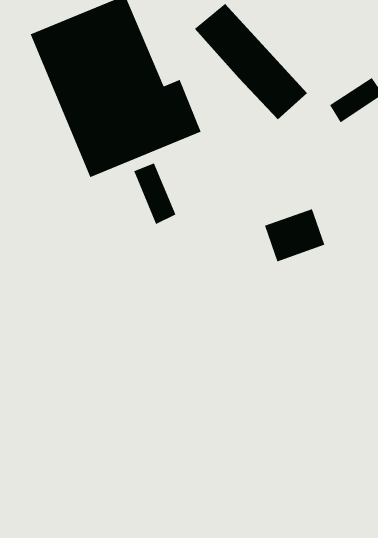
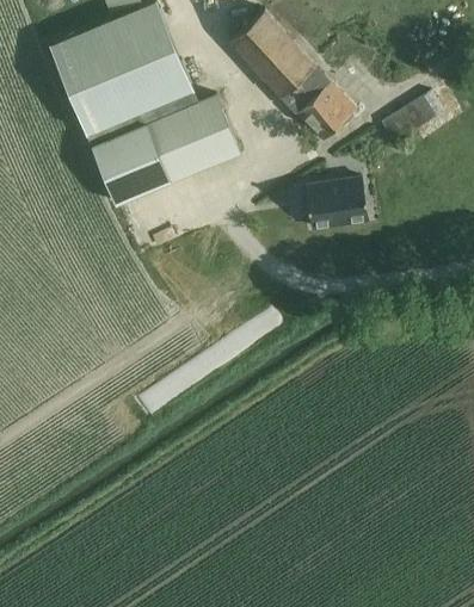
building: [133,163,176,225] -> none
building: [264,208,325,262] -> [303,175,371,235]

